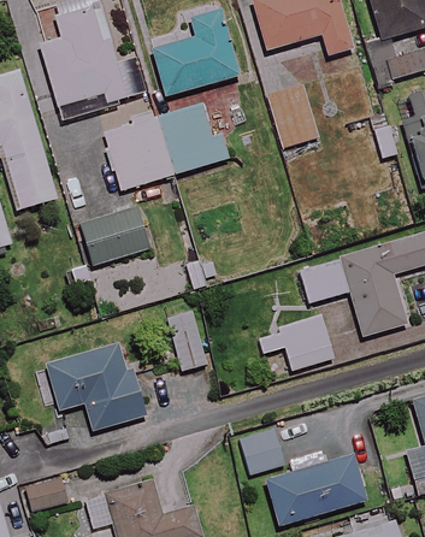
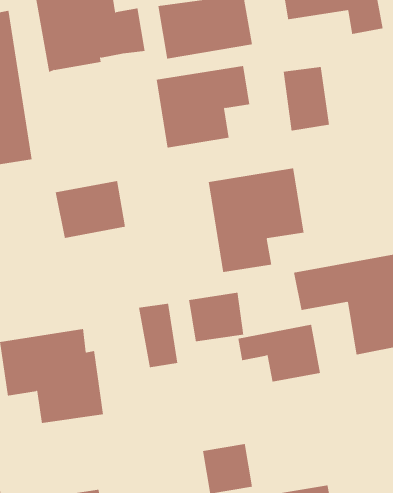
building: [102,116,175,190] -> none
building: none -> [208,168,304,273]
building: none -> [189,292,244,342]

